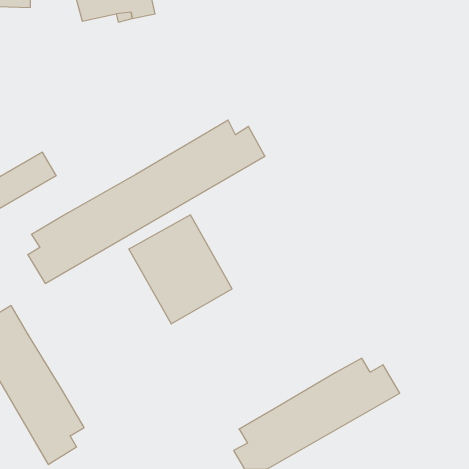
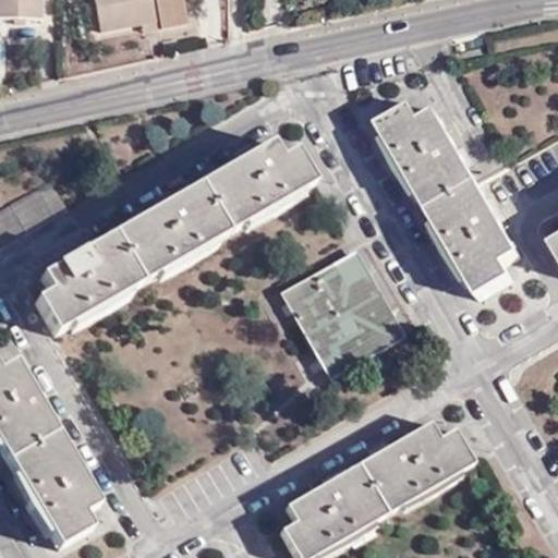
building: none -> [376,107,519,299]
building: [129,215,232,324] -> [279,251,401,379]

